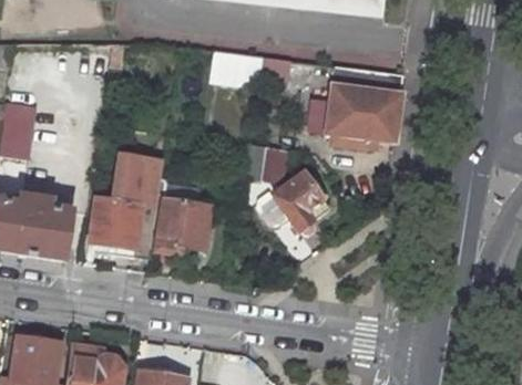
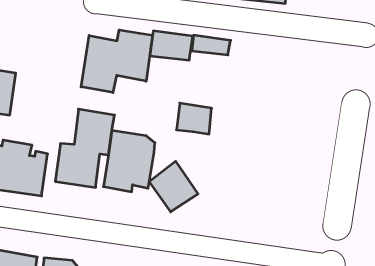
building: none -> [81,30,153,93]
building: [324,66,407,144] -> none
building: [270,168,334,233] -> [149,161,198,212]

